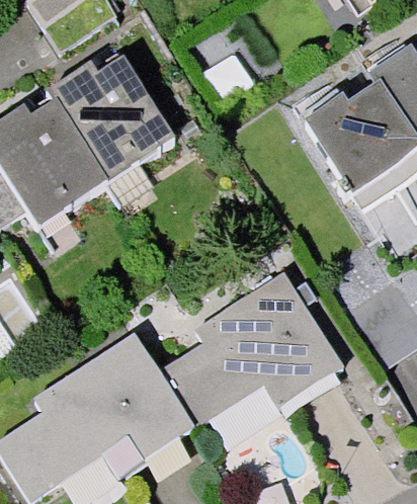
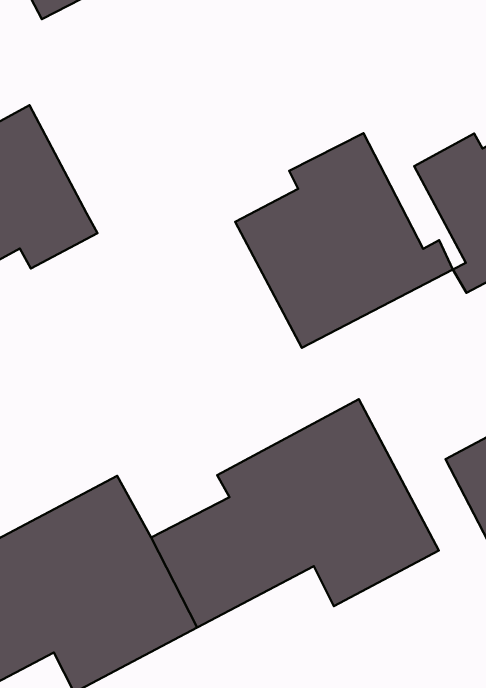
building: [51,60,176,169] -> none
building: none -> [235,133,453,348]

